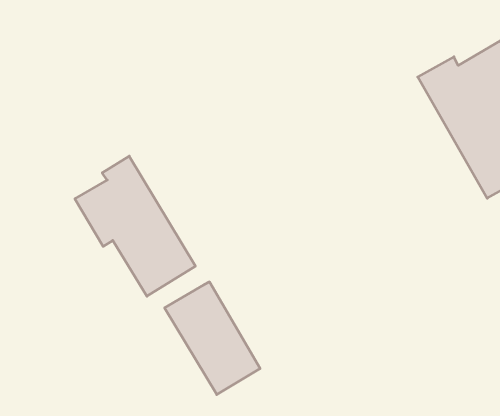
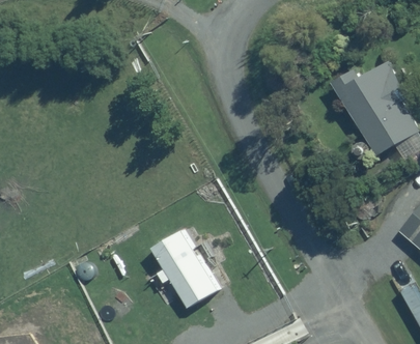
building: [75,156,195,296] -> none

